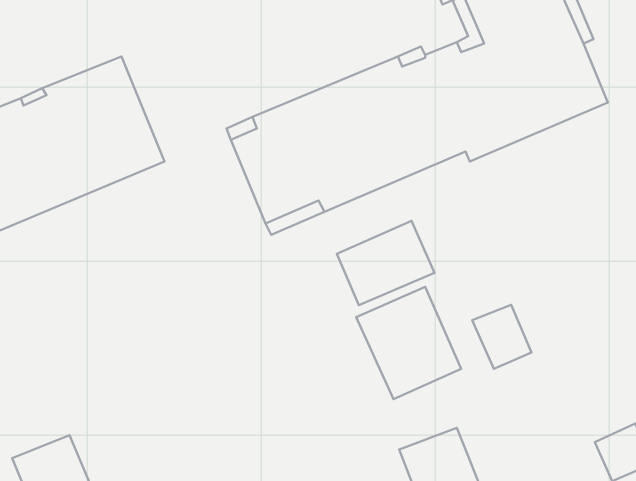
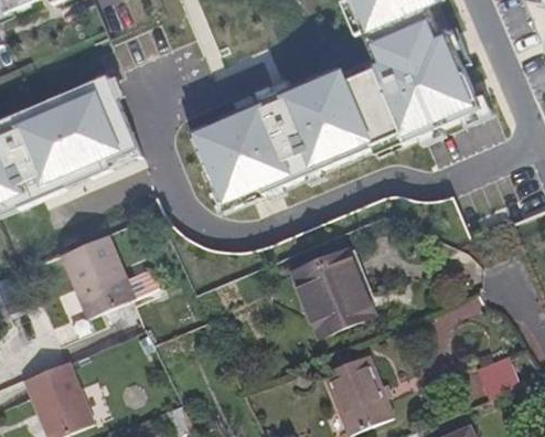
building: [337,221,434,305] -> none
building: none -> [61,233,133,317]
building: [472,305,531,369] -> none

